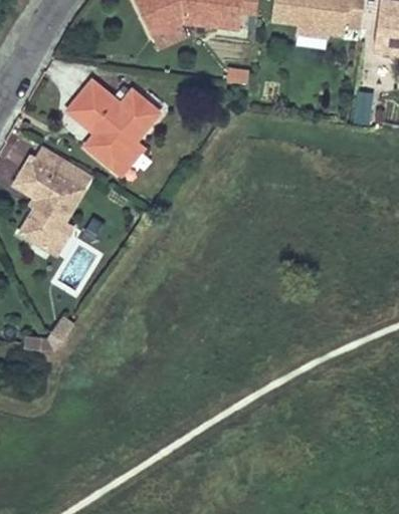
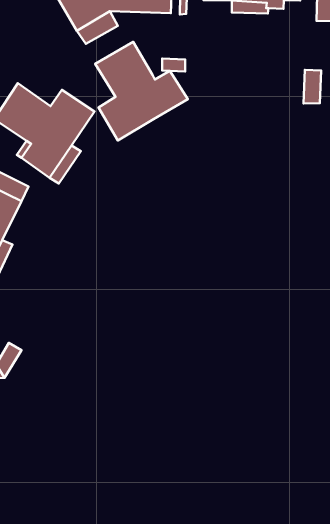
building: none -> [95,42,188,140]

